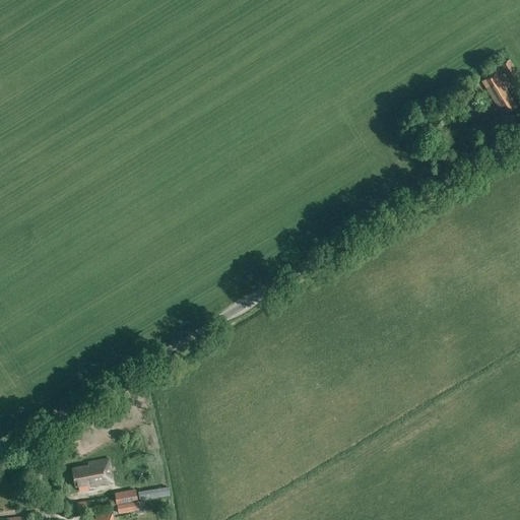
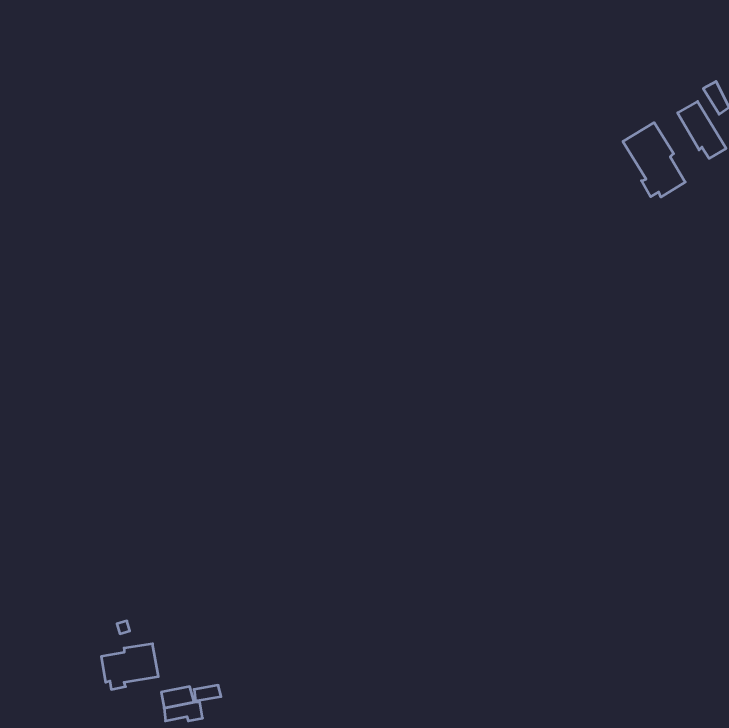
building: none -> [623,123,685,197]

